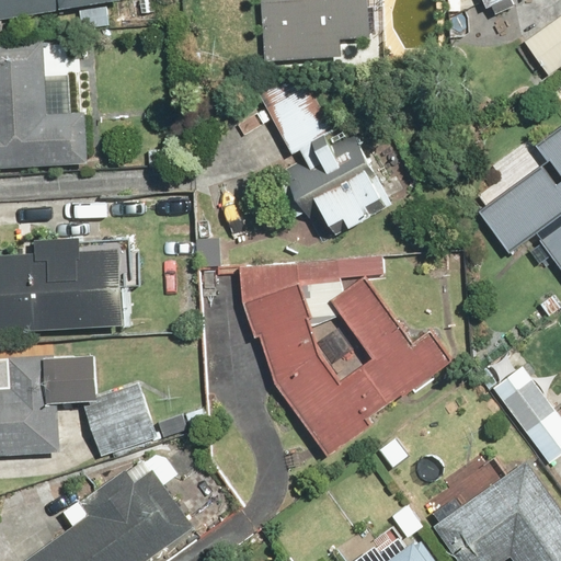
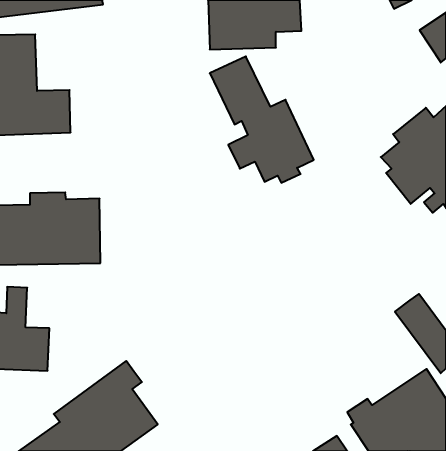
building: [239,254,450,456] -> none
building: [48,355,160,456] -> none

